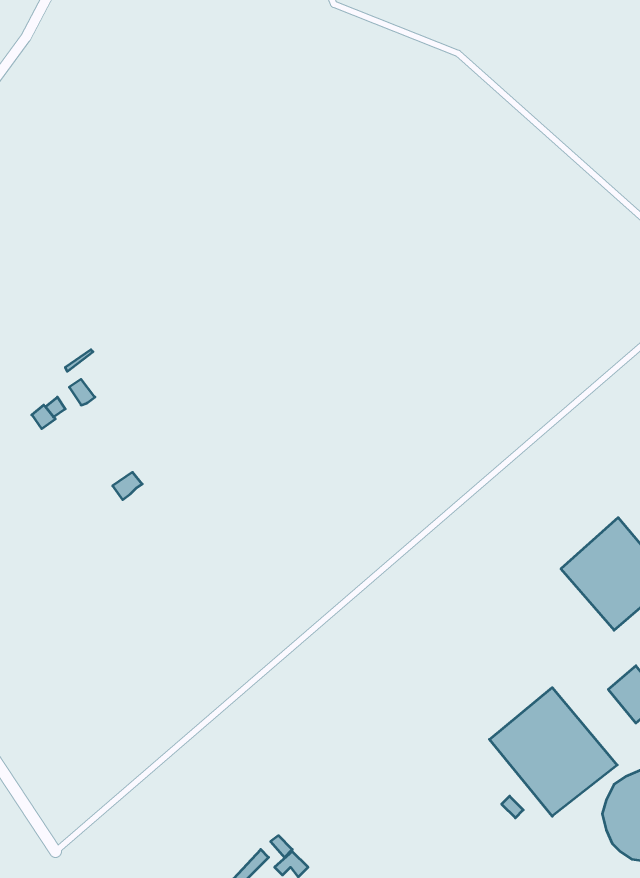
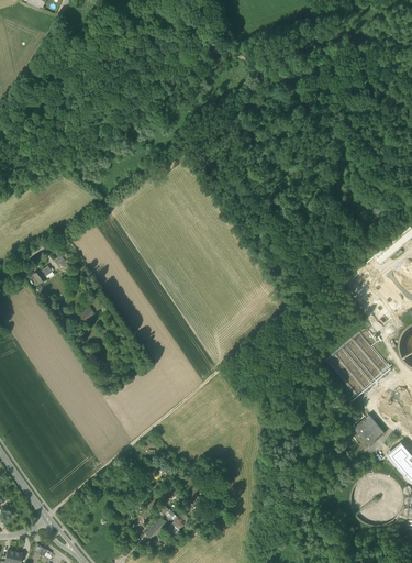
building: [489,688,617,816] -> none

